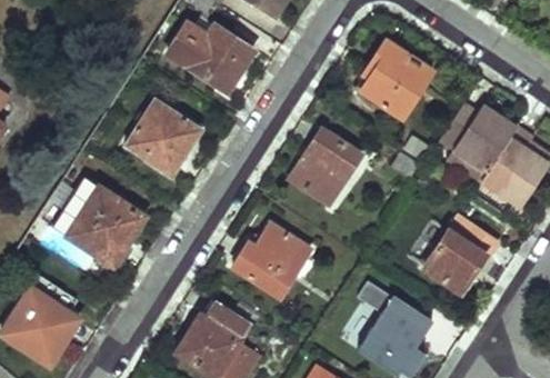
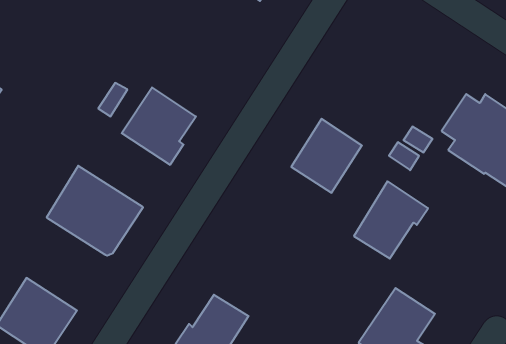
building: [167,20,254,90] -> none
building: [360,40,431,117] -> none
building: [426,215,499,291] -> [354,181,428,259]
building: [231,223,309,297] -> none

